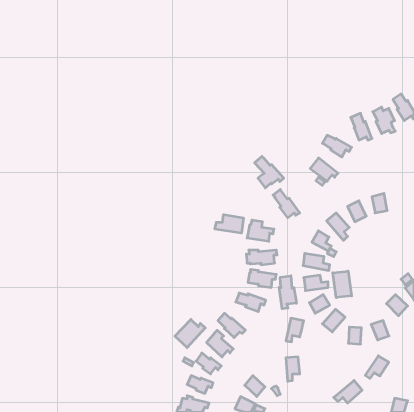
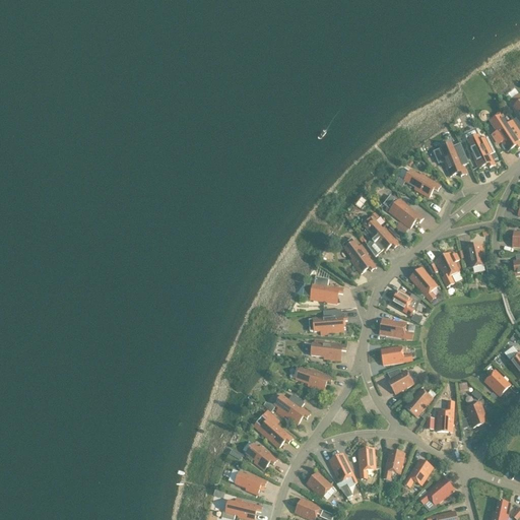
building: [255,156,284,188] -> [363,216,399,256]
building: [215,215,243,233] -> none
building: [333,271,352,298] -> none
building: [279,276,296,309] -> none
building: [286,318,304,342] -> [383,450,405,479]
building: [175,319,205,348] -> none
building: [365,356,389,378] -> [403,459,433,488]
building: none -> [329,453,353,482]

